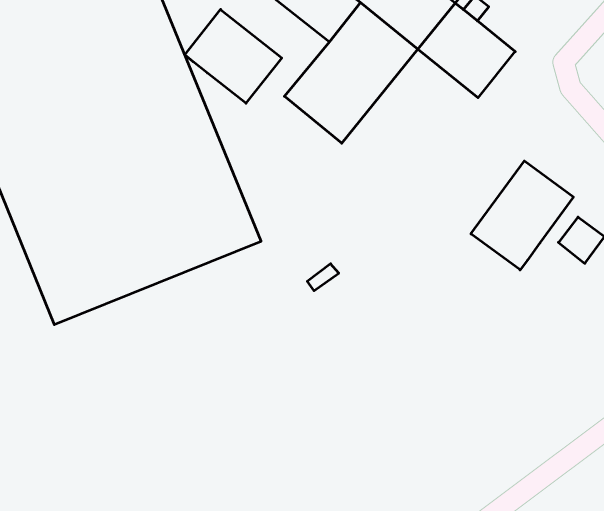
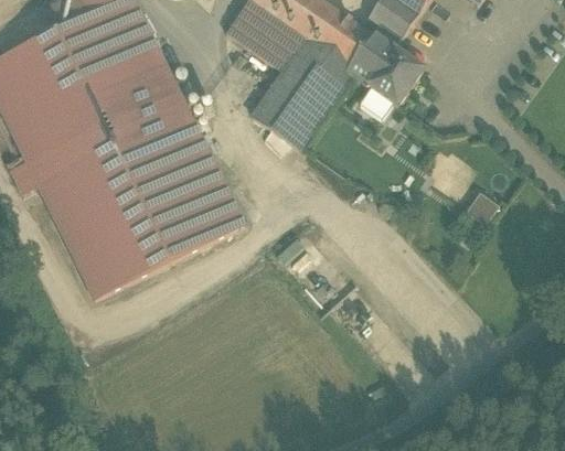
building: [185,9,282,103] -> none
building: [471,161,573,270] -> none

